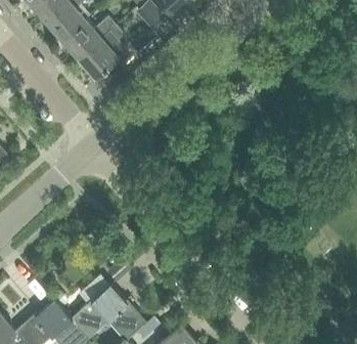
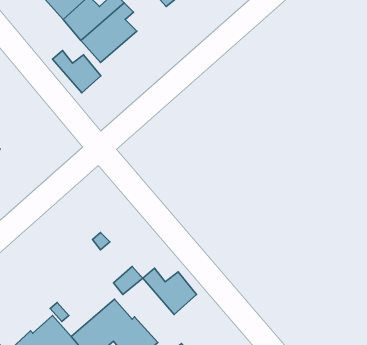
building: none -> [52,51,101,93]
building: none -> [143,268,197,314]

